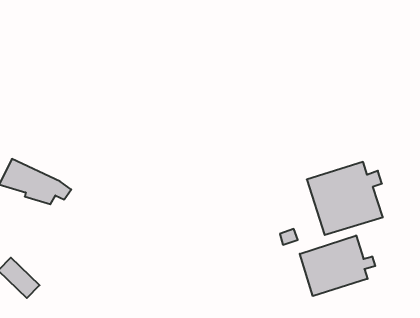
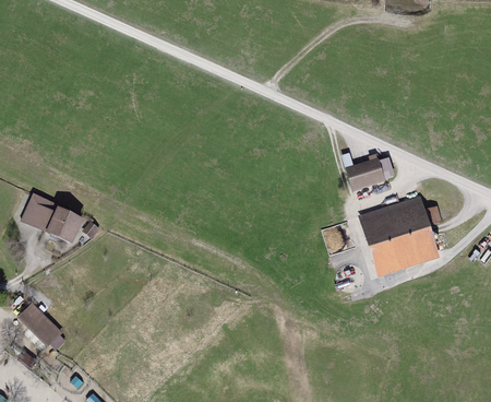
building: none -> [340,151,394,191]
building: [300,235,375,296] -> none

